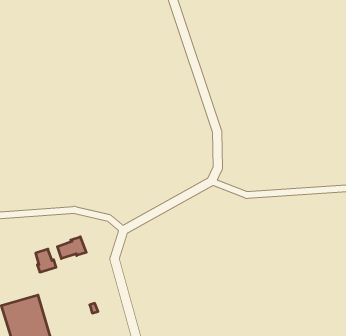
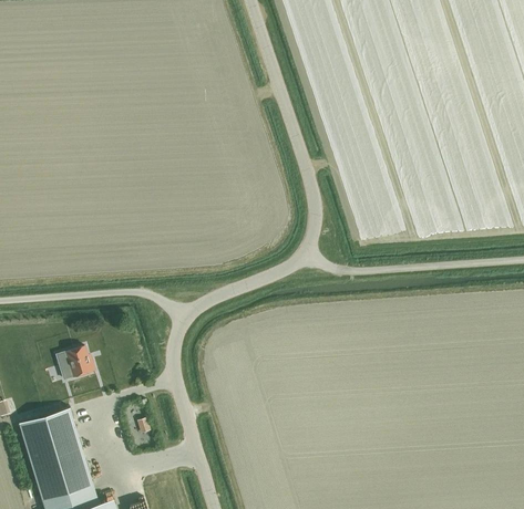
building: [57,237,86,259] -> none

